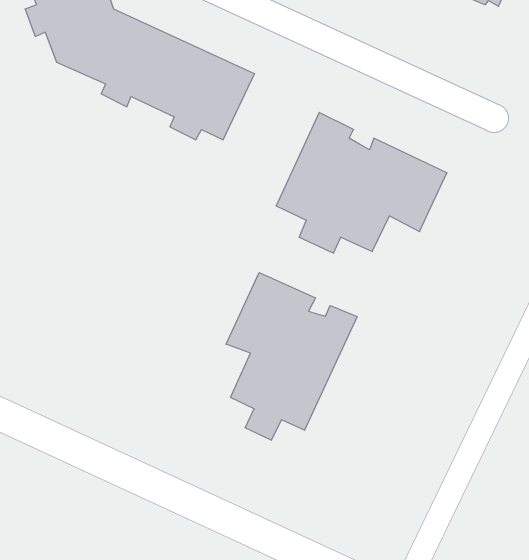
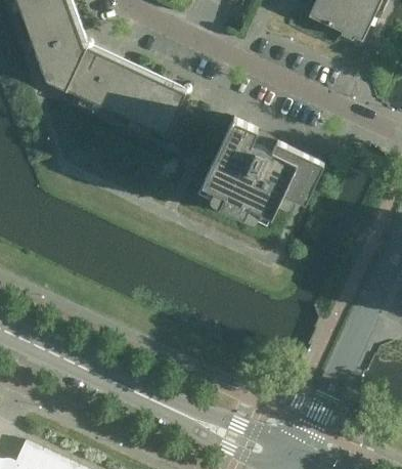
building: [226,273,357,440] -> none

